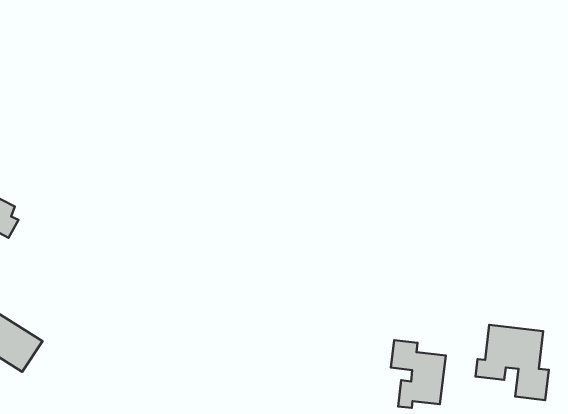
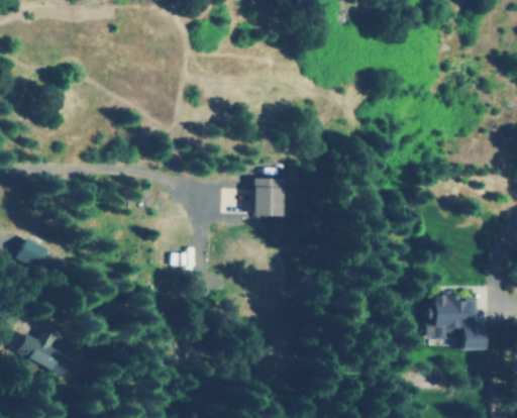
building: none -> [251,178,280,216]
building: [391,340,446,408] -> none

